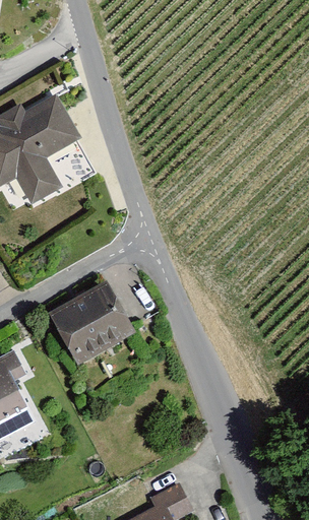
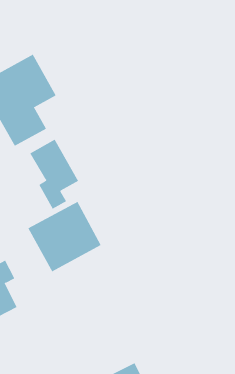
building: none -> [30,139,79,210]

